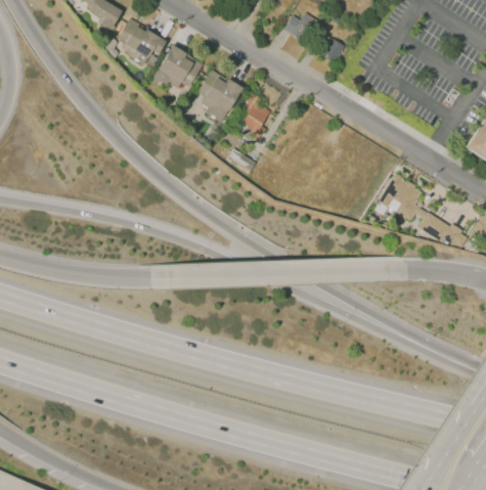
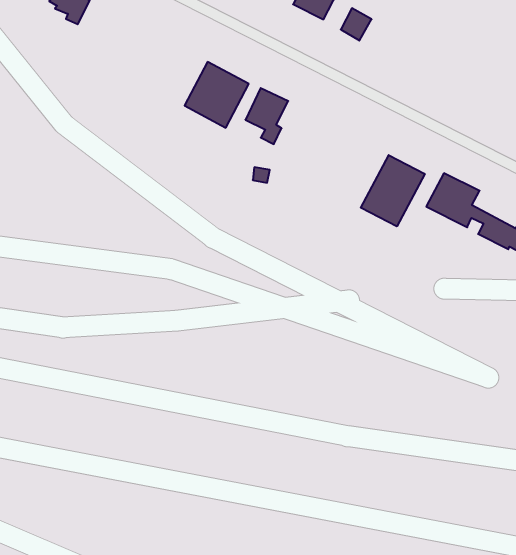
building: [113,17,167,70] -> none
building: [151,46,204,98] -> none
building: none -> [361,155,425,226]

